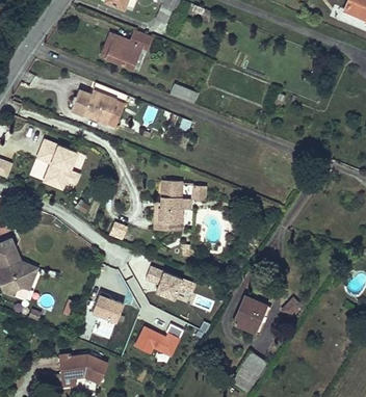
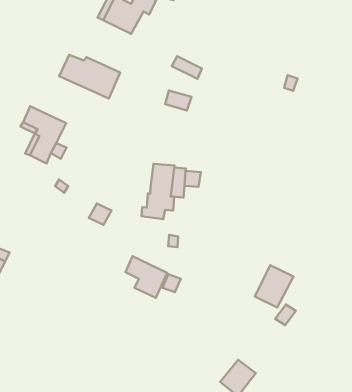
building: [88,294,123,330] -> none
building: [234,294,267,332] -> [255,265,294,308]
building: [133,324,183,358] -> none
building: [61,354,111,388] -> none

